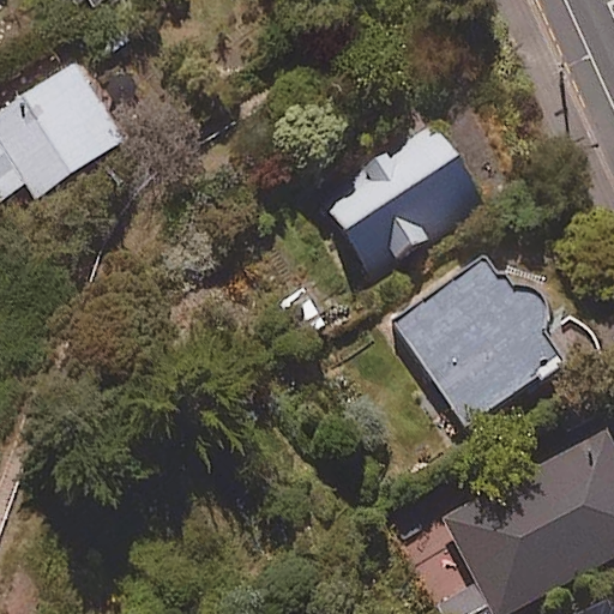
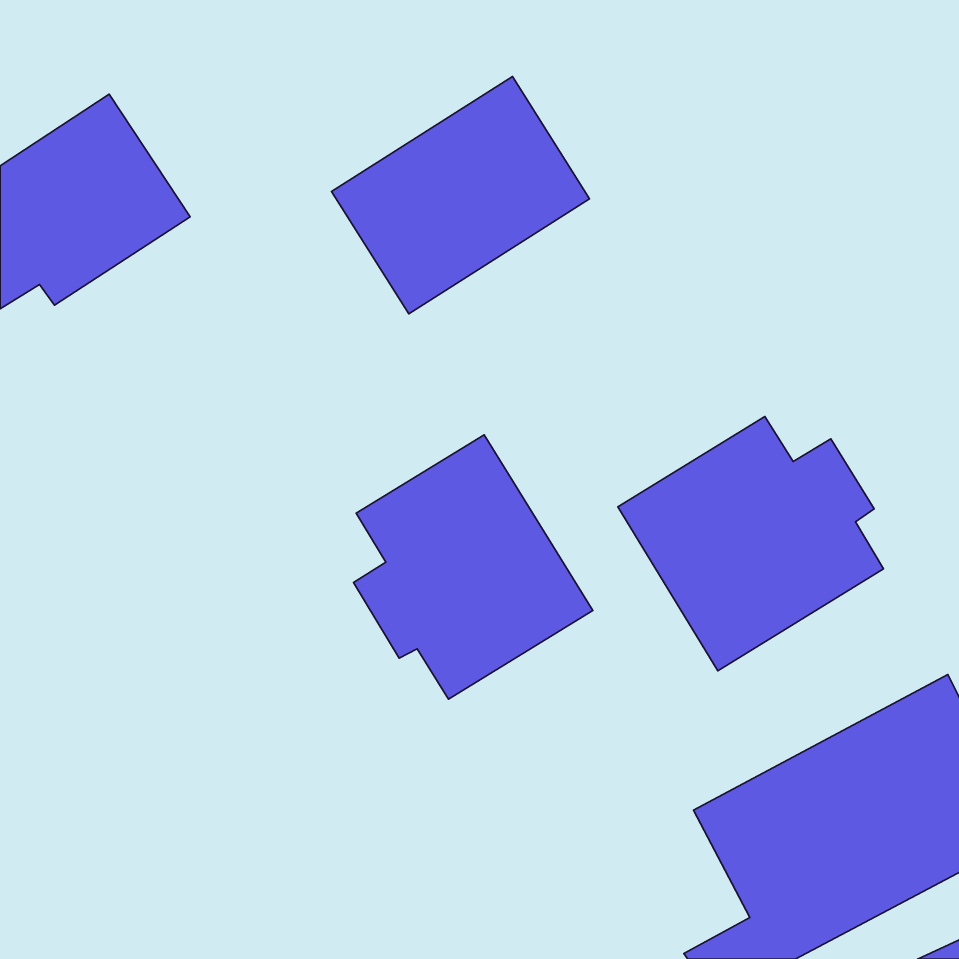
building: [320,124,484,275] -> [332,76,590,314]
building: none -> [353,435,593,699]

